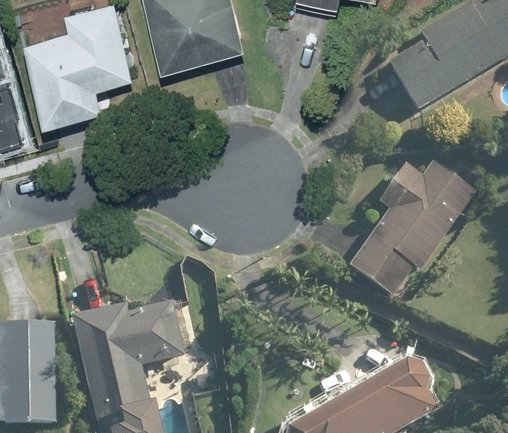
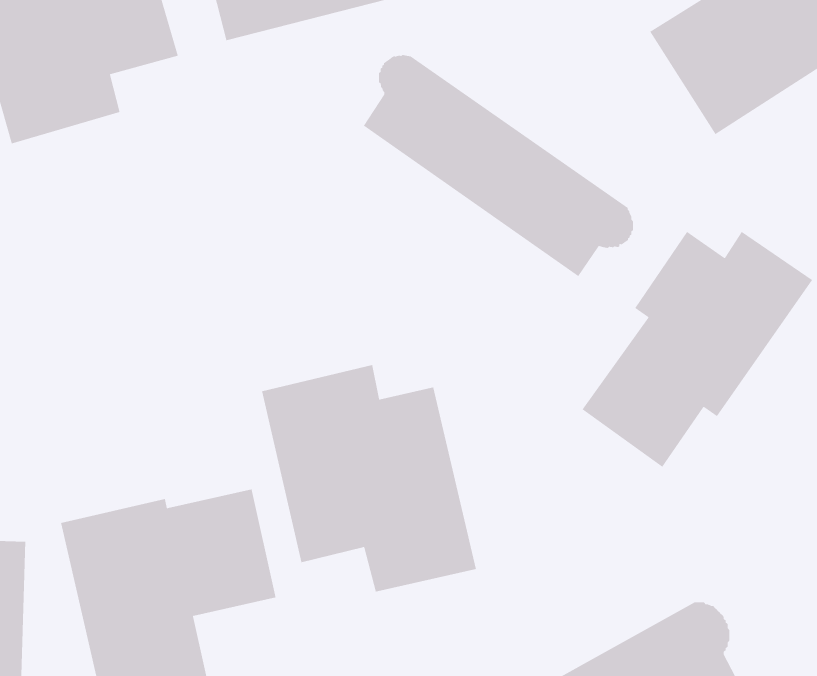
building: none -> [363,54,634,277]
building: none -> [261,364,477,593]

